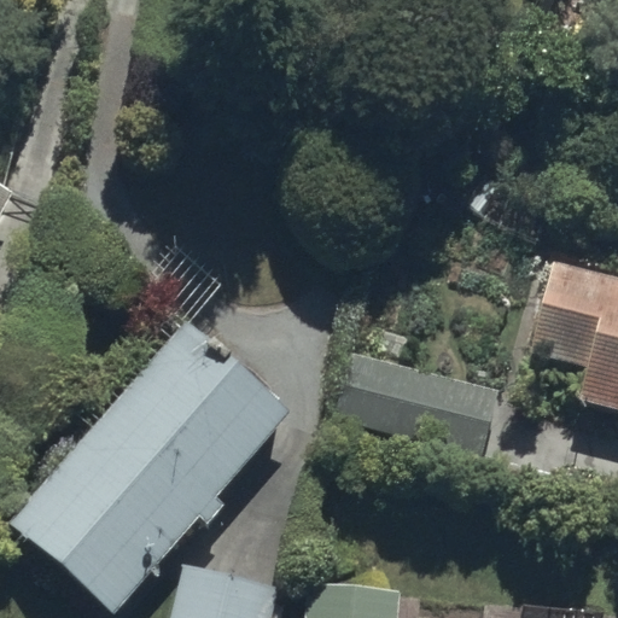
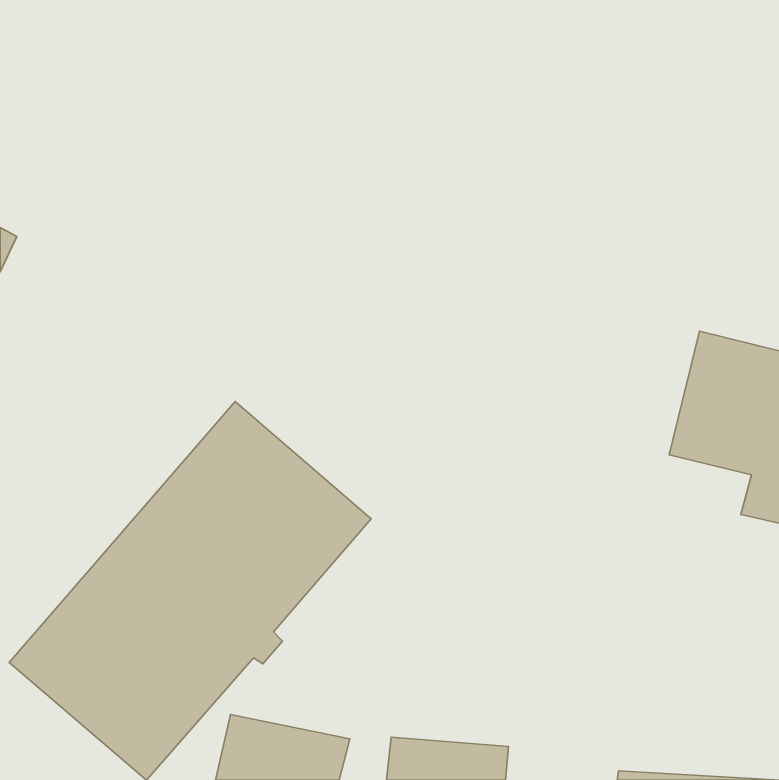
building: [331,352,500,460] -> none

